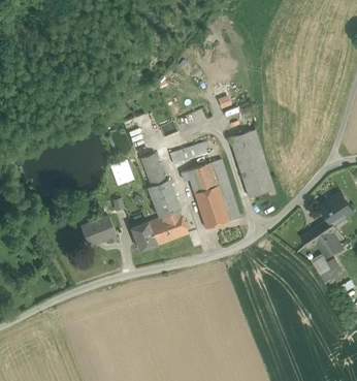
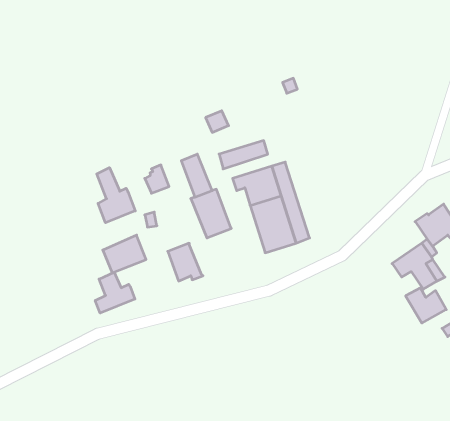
building: [229,130,274,198] -> none
building: none -> [97,168,135,223]
building: [148,211,189,246] -> none
building: none -> [95,272,135,313]

